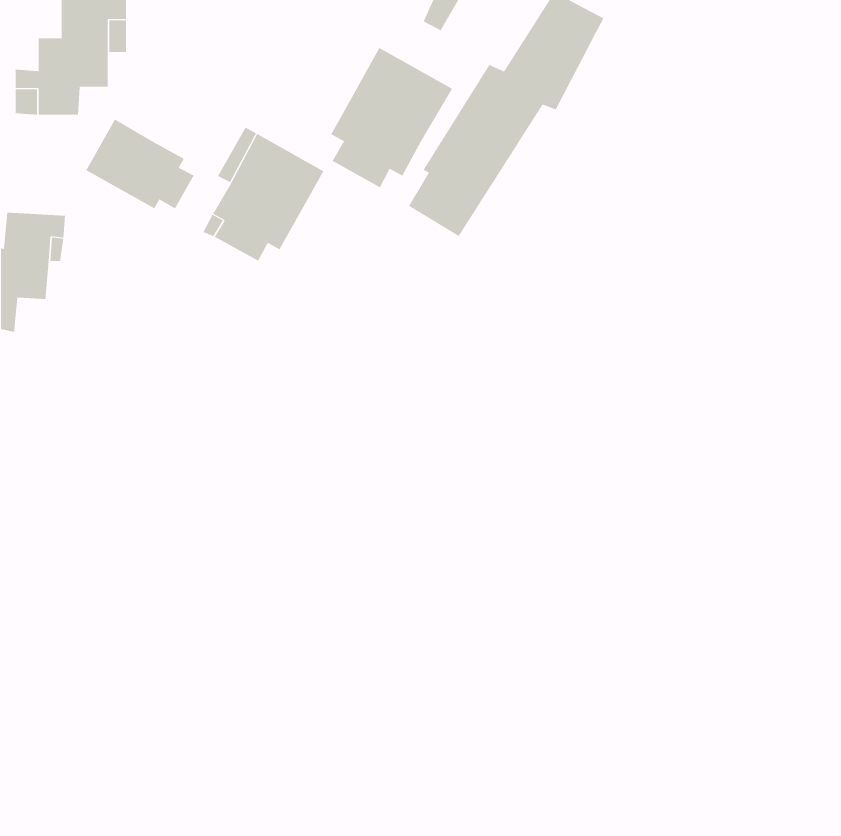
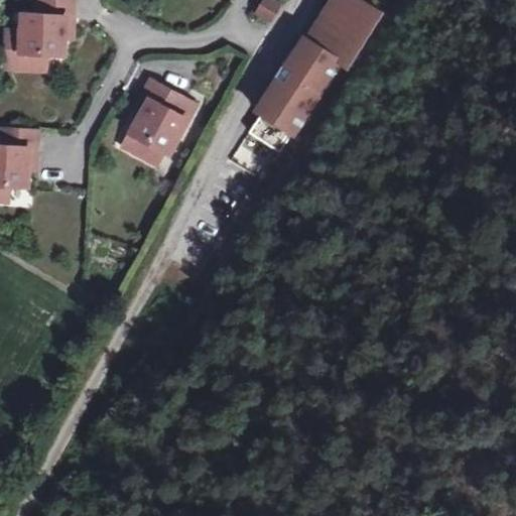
building: [331,47,453,188] -> none
building: [86,119,194,209] -> none

